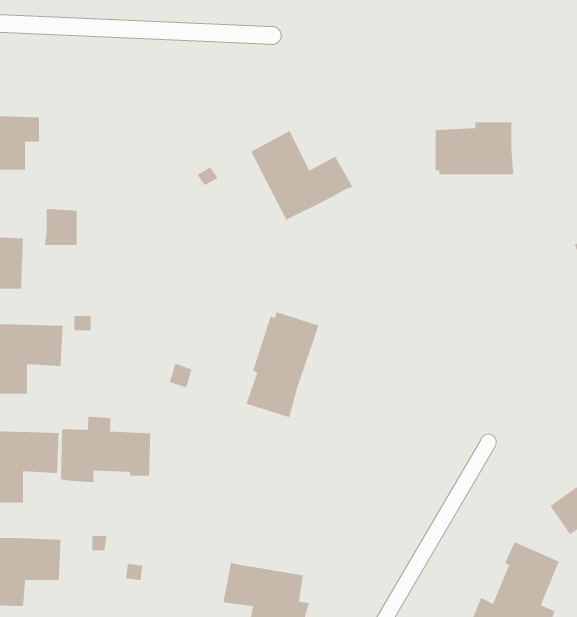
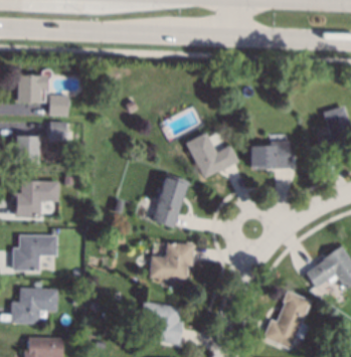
building: [435,122,514,175] -> [250,142,291,169]
building: [250,130,353,221] -> [186,132,238,178]
building: none -> [48,96,68,116]
building: [60,416,151,483] -> none
building: none -> [150,242,193,281]

